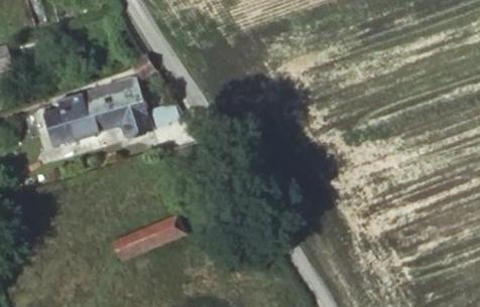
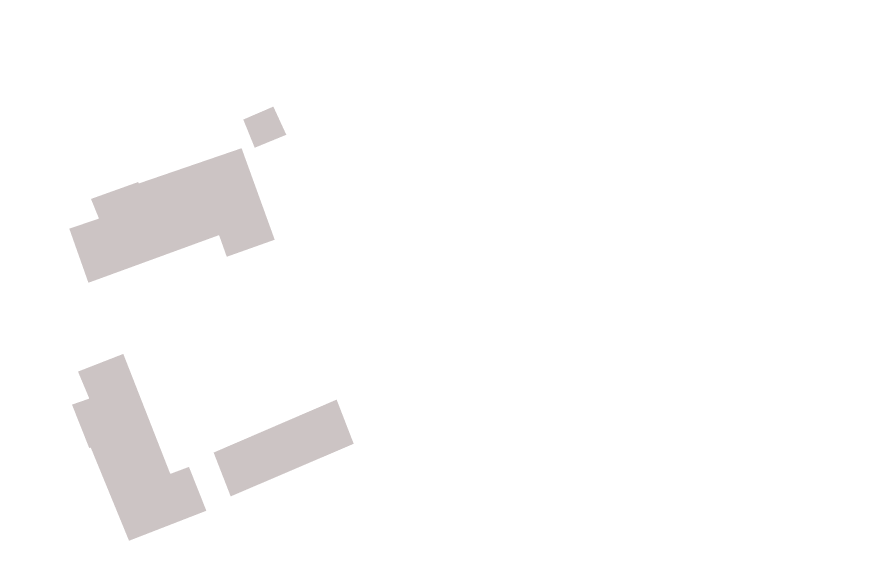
building: none -> [71,353,207,542]

